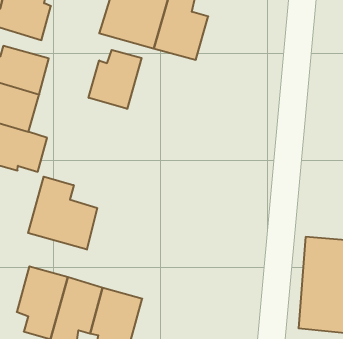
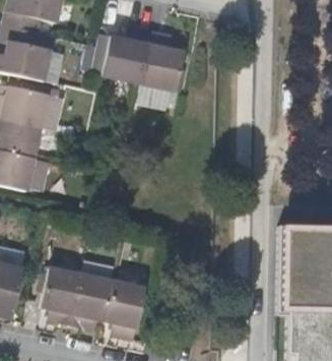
building: [89,50,142,109] -> none
building: [28,177,97,250] -> none

